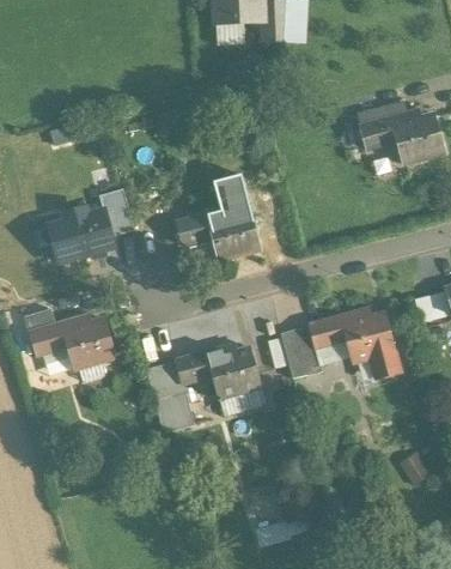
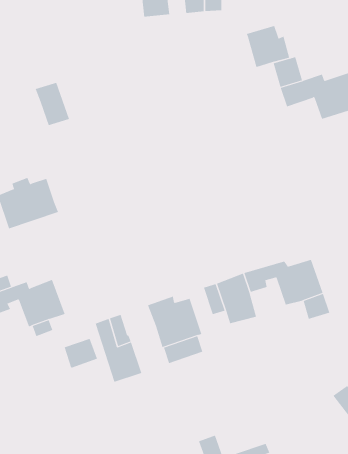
building: none -> [246,25,290,68]
building: [176,175,260,265] -> none
building: [98,188,134,235] -> [35,82,70,126]
building: [175,351,211,382] -> [64,338,98,368]

